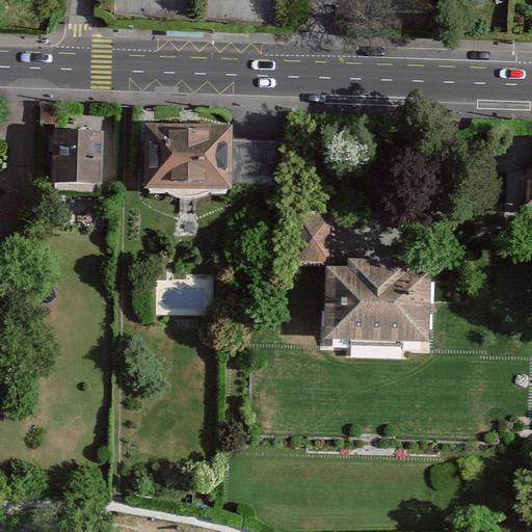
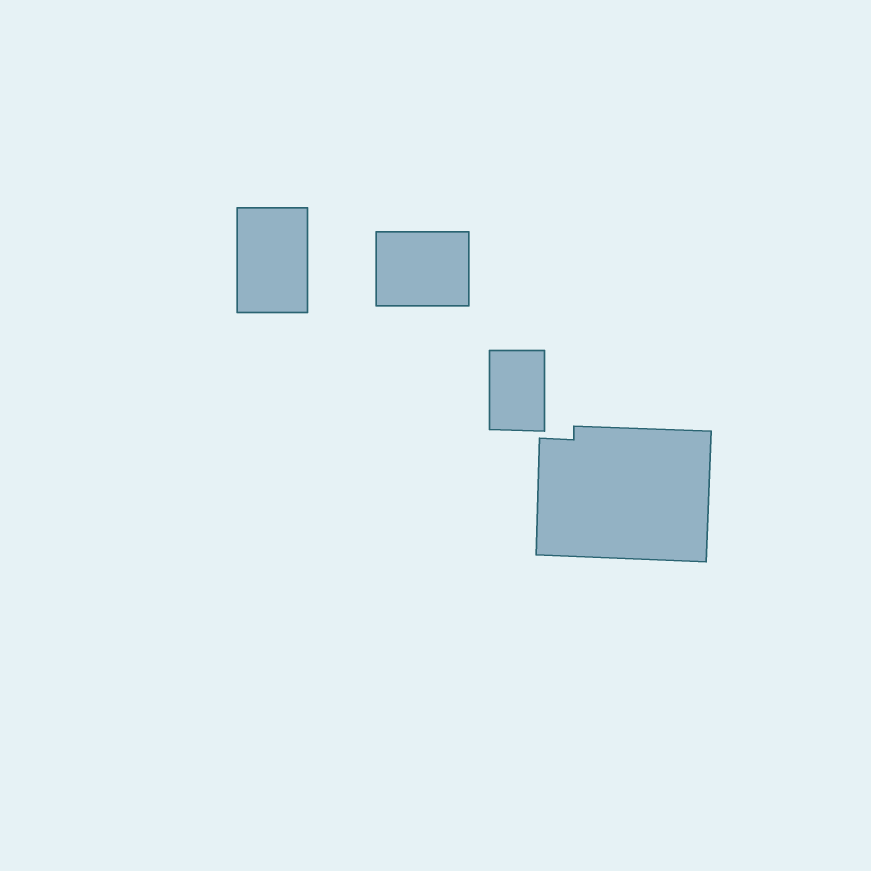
building: [186,126,228,189] -> none
building: [50,135,102,185] -> none

